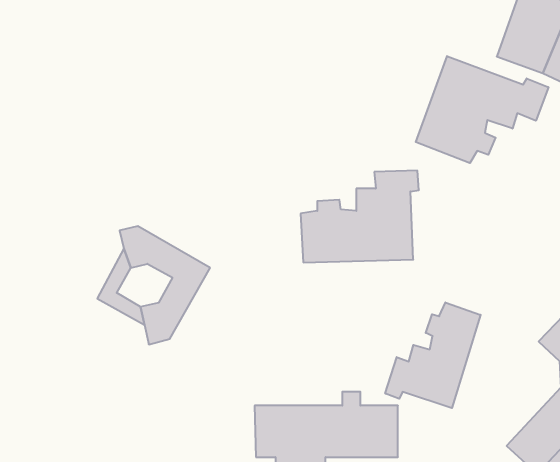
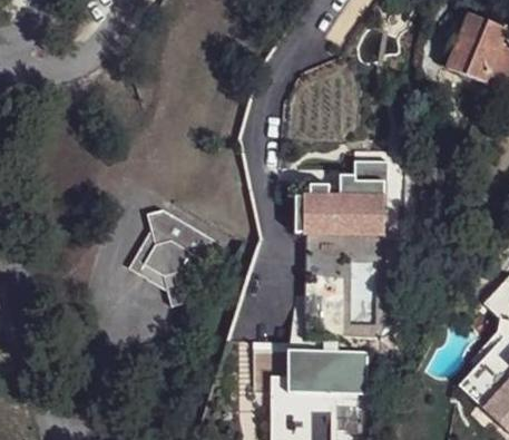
building: [416,56,548,163] -> none
building: [385,302,481,408] -> none

